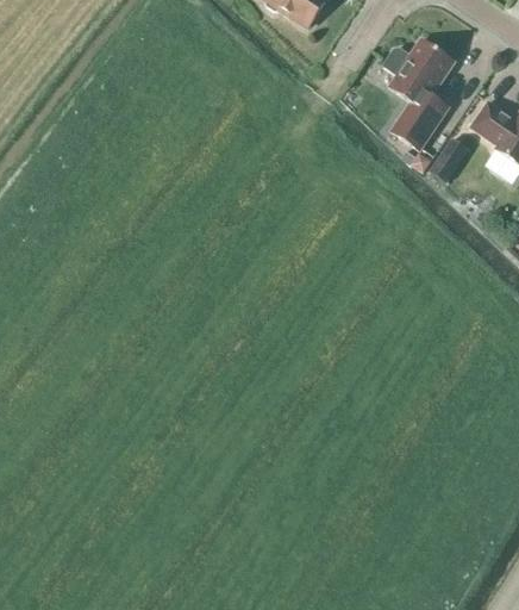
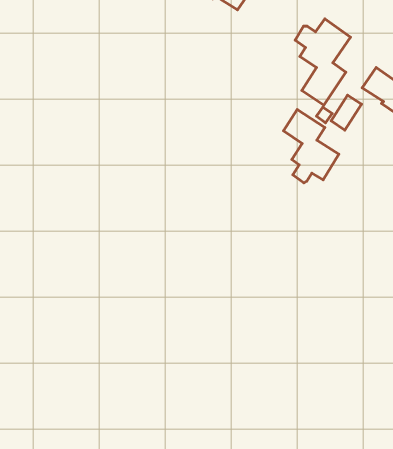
building: none -> [283,110,339,183]

